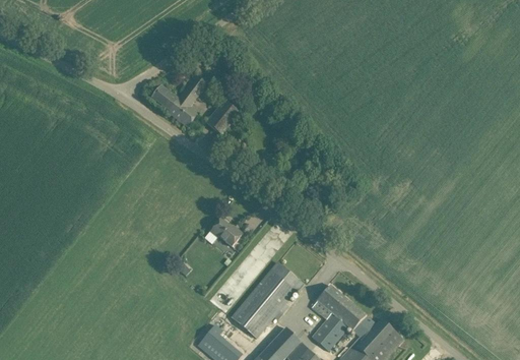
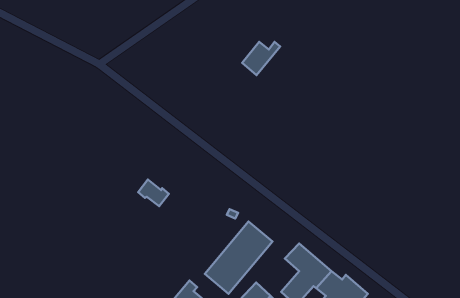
building: [150,75,206,127] -> none
building: [205,100,246,135] -> [242,42,280,75]
building: [209,218,242,246] -> [138,180,169,206]

